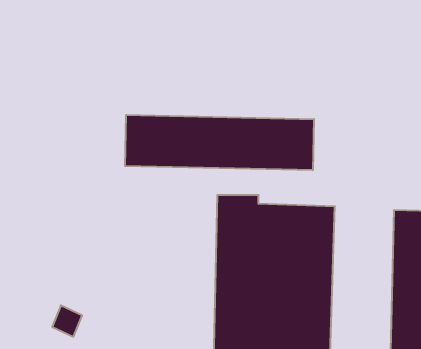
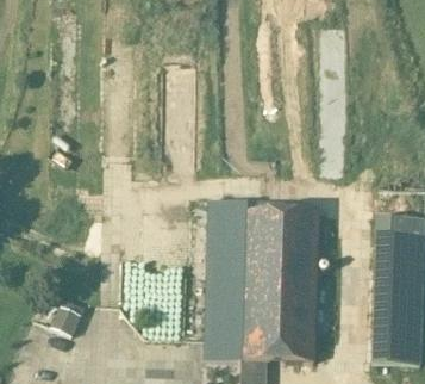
building: [125,115,314,170] -> none

